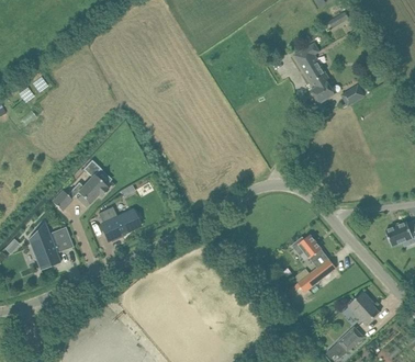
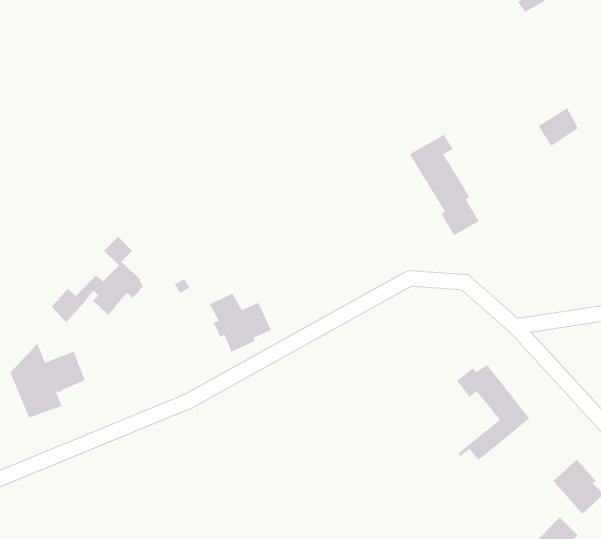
building: [293,42,335,102] -> [409,134,479,236]
building: [98,206,135,241] -> [209,293,272,352]

